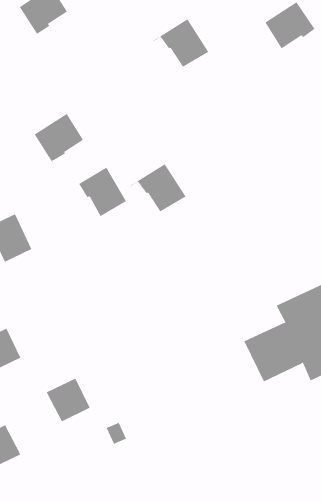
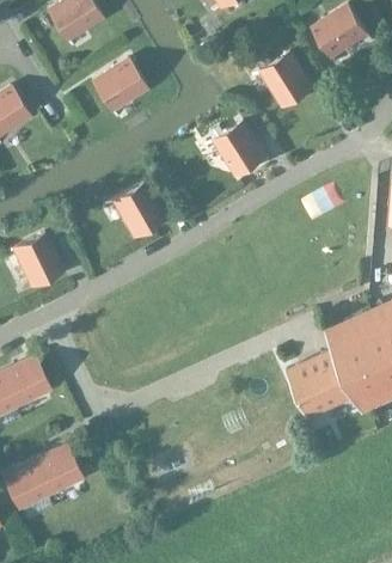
building: [152,19,209,67] -> [251,54,312,106]
building: [34,113,84,170] -> [92,60,146,121]
building: [130,163,186,212] -> [204,123,265,176]
building: [46,378,90,422] -> [33,446,81,494]

